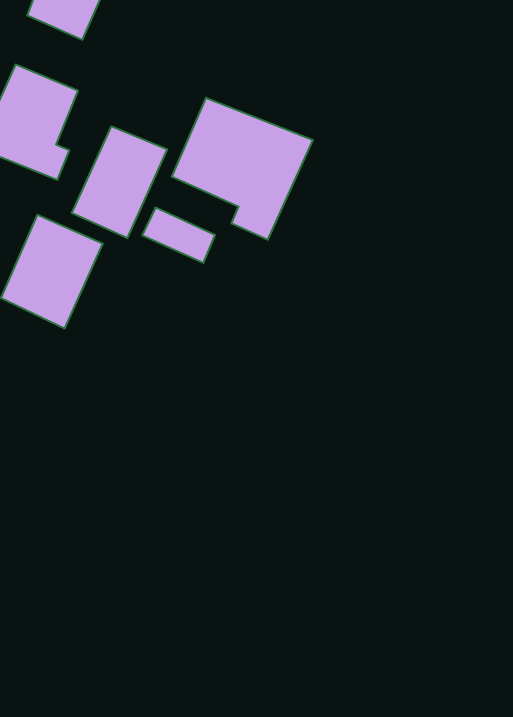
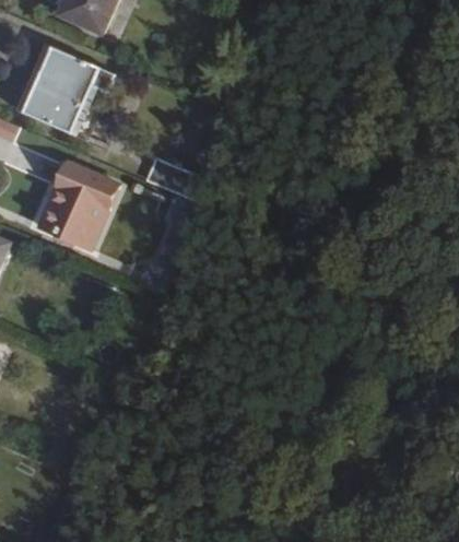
building: [172,98,313,240] -> none
building: [72,126,167,238] -> none

